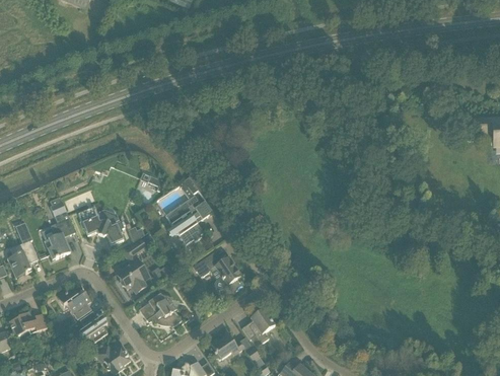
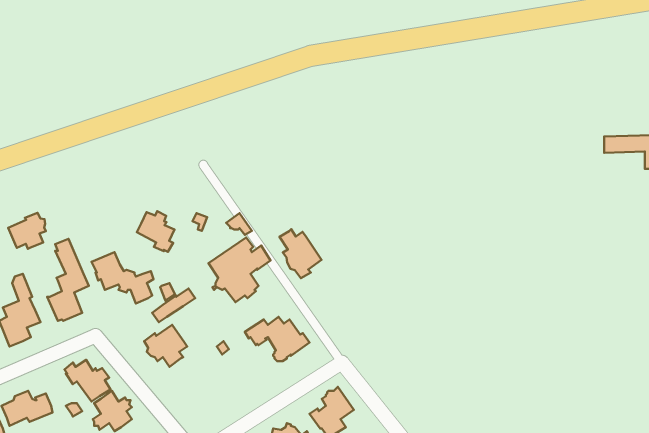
building: none -> [137,211,174,252]
building: none -> [8,213,46,249]
building: none -> [279,229,322,278]
building: [139,292,182,326] -> none

